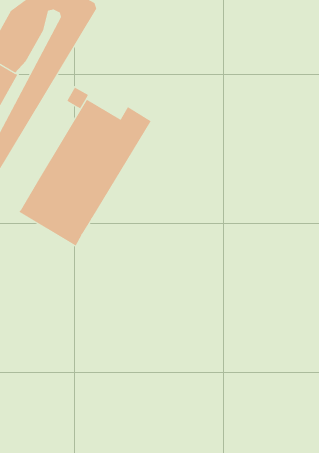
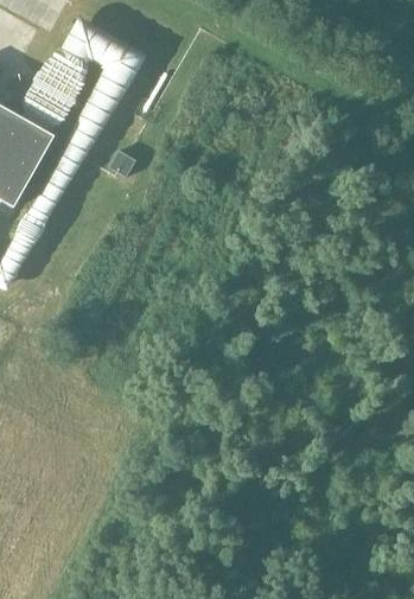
building: [18,99,151,247] -> none

